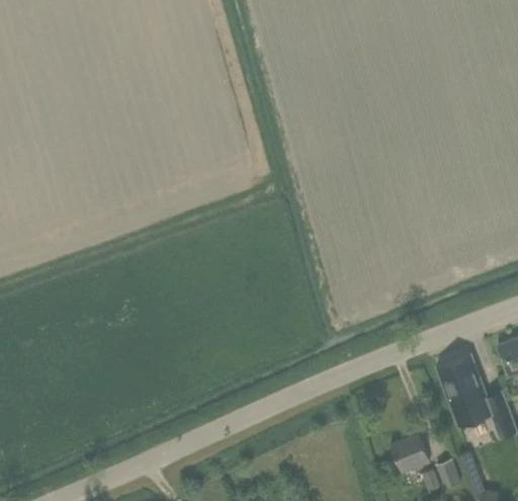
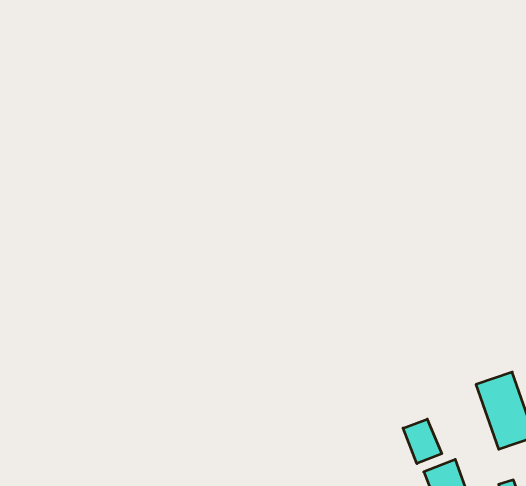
building: none -> [403,419,442,464]

